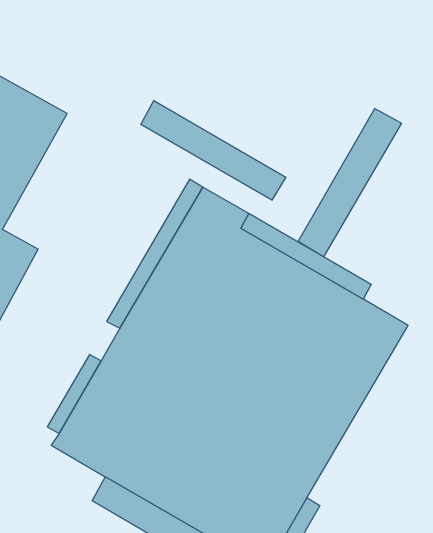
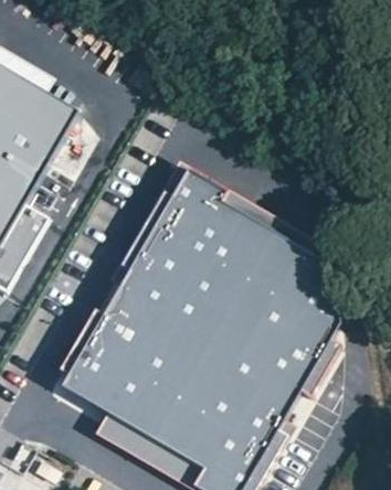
building: [141,100,286,200] -> none
building: [298,108,401,257] -> none

